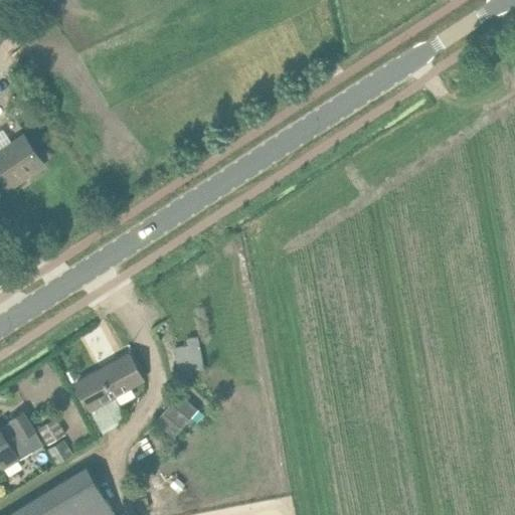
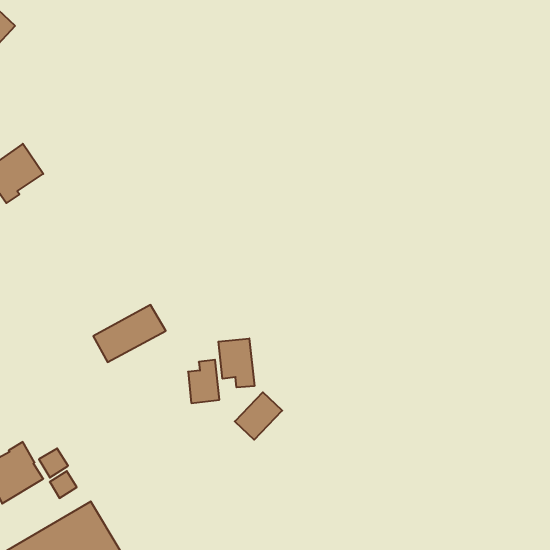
building: none -> [218,338,254,387]
building: [73,356,141,409] -> [93,305,166,362]
building: [156,394,200,439] -> [235,392,282,440]

